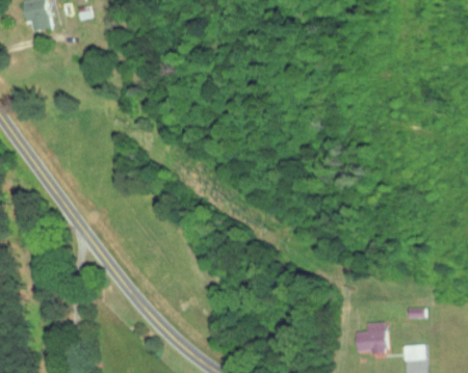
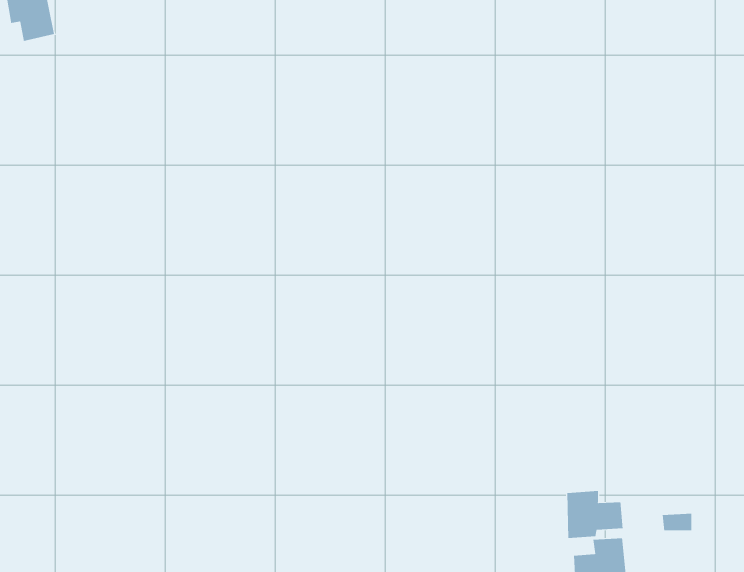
building: none -> [567,490,623,539]

